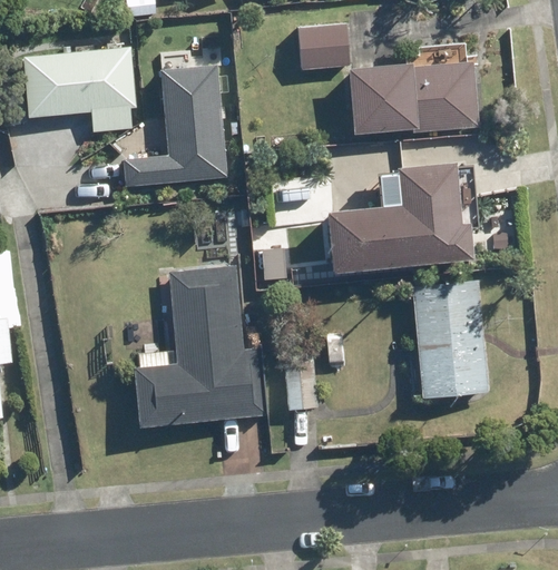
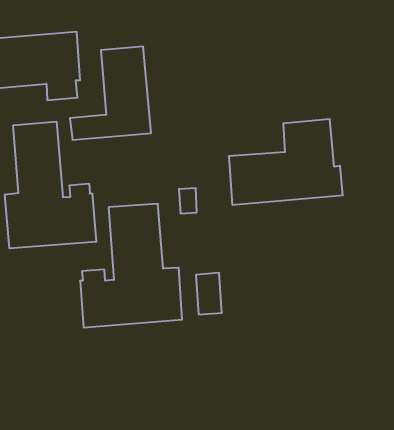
building: [297,23,480,132] -> none
building: none -> [5,122,96,248]
building: [412,283,488,400] -> none

